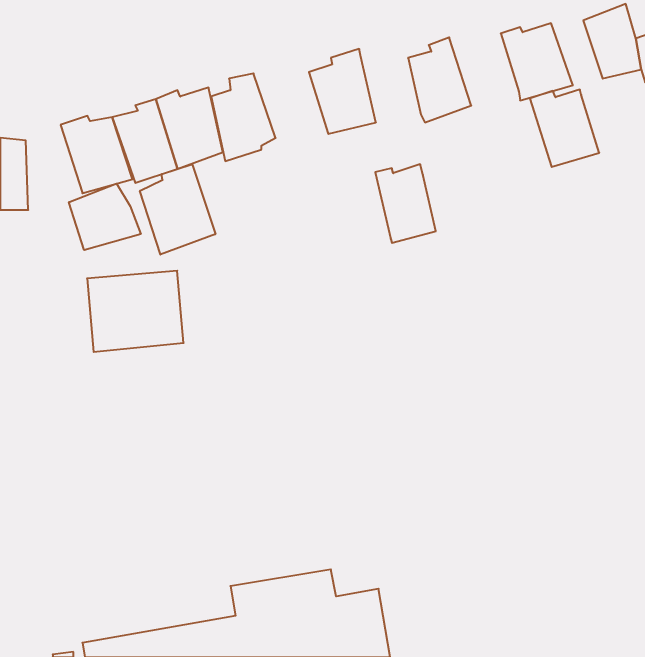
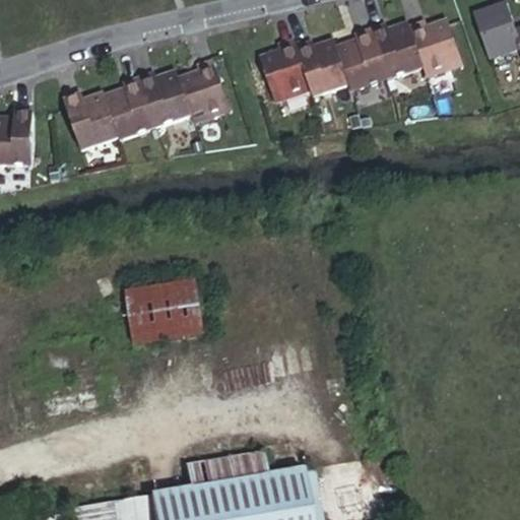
building: [530,90,599,167] -> [365,22,419,83]
building: [140,164,215,255] -> none
building: [375,164,436,243] -> [295,38,342,100]
building: [69,184,141,250] -> none
building: [87,271,184,352] -> [134,279,210,343]

